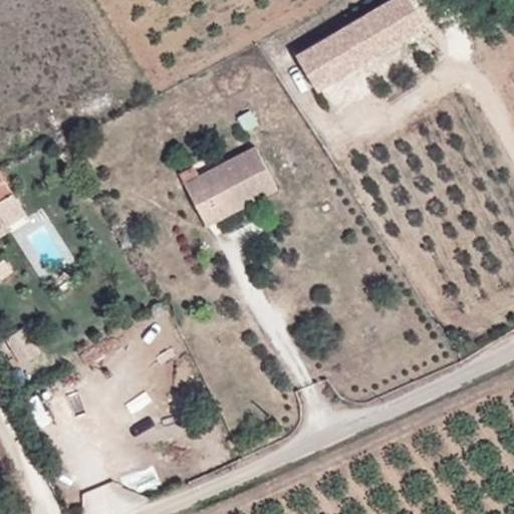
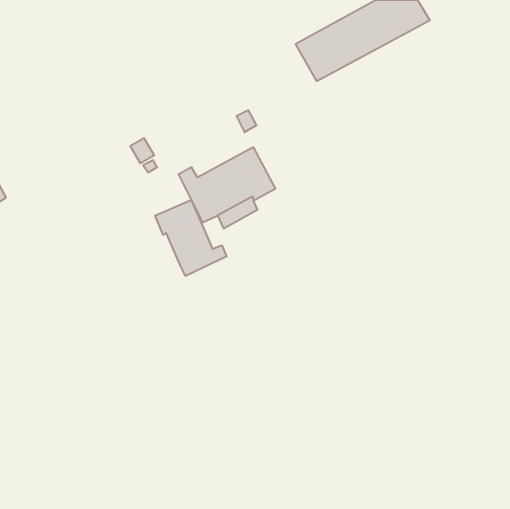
building: none -> [155,200,227,276]

